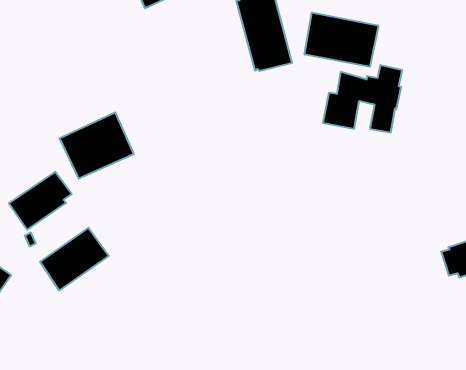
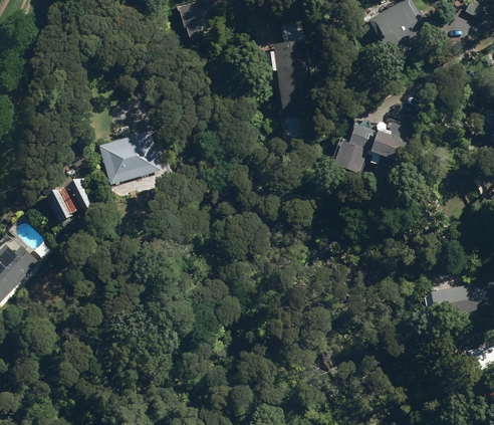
building: [305,12,379,67] -> none
building: [40,228,109,290] -> none

